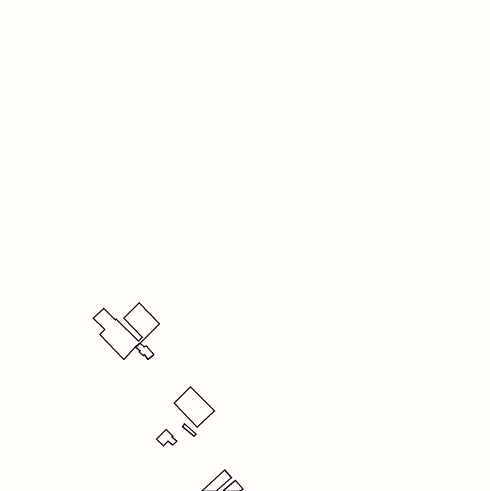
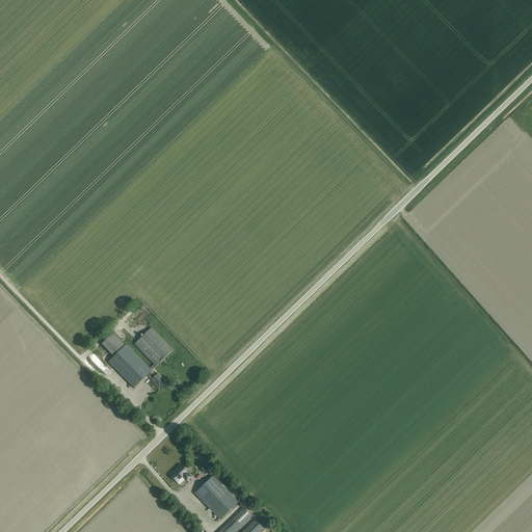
building: [174,387,215,427] -> [195,476,239,520]

